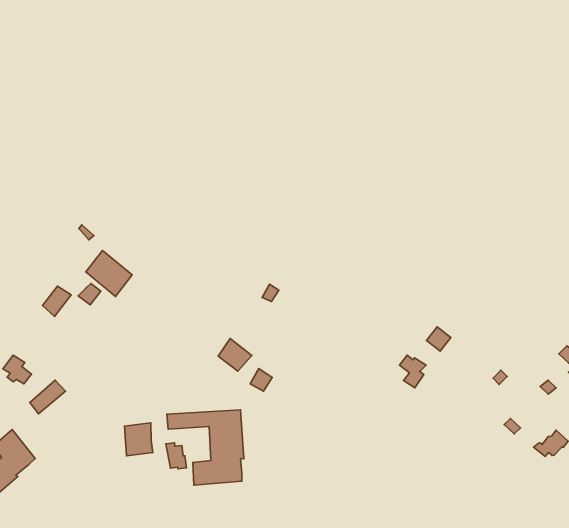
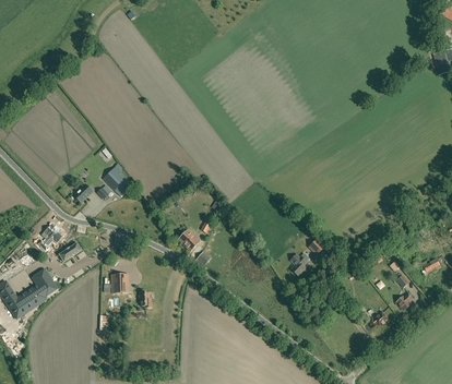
building: [167,410,244,485] -> none

